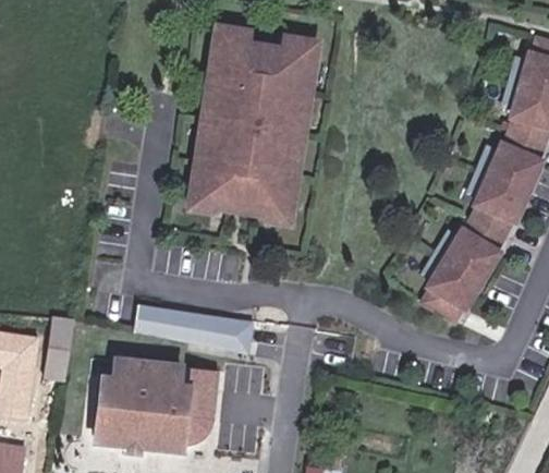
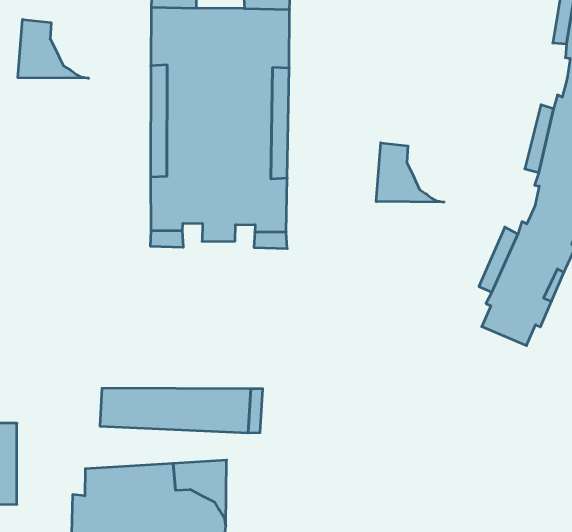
building: none -> [18,19,89,78]
building: none -> [376,143,444,202]

